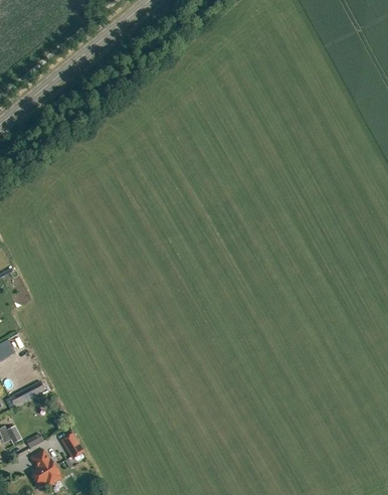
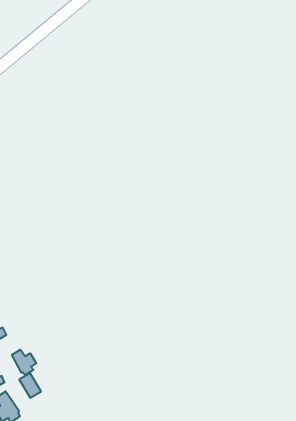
building: none -> [12,350,36,375]

